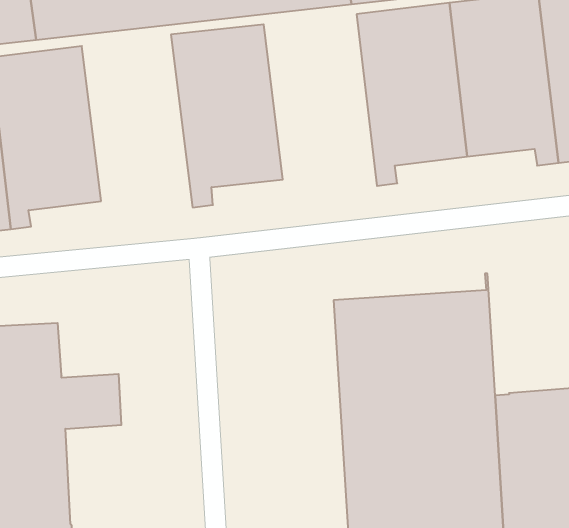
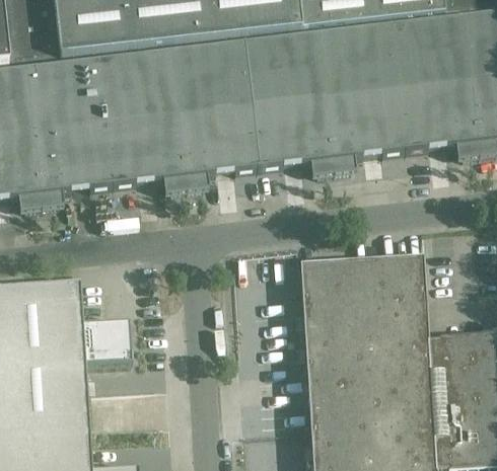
building: none -> [243,34,334,172]
building: none -> [98,51,187,190]

